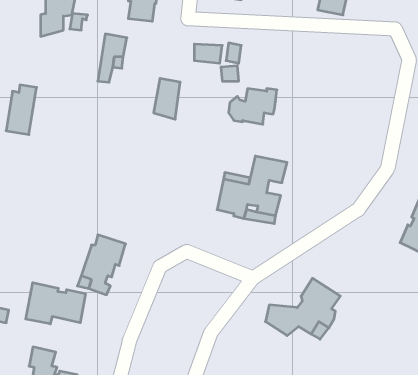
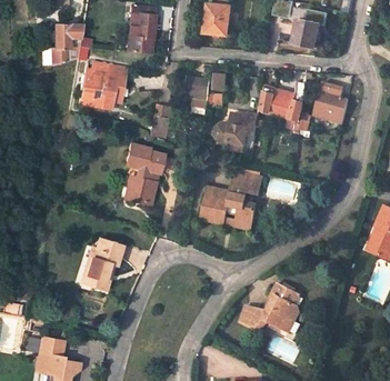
building: none -> [258,81,304,131]
building: none -> [311,83,347,123]
building: [6,85,37,135] -> [79,62,106,106]
building: none -> [129,146,173,208]
building: [26,283,85,324] -> none

